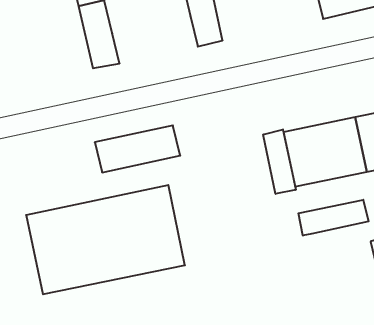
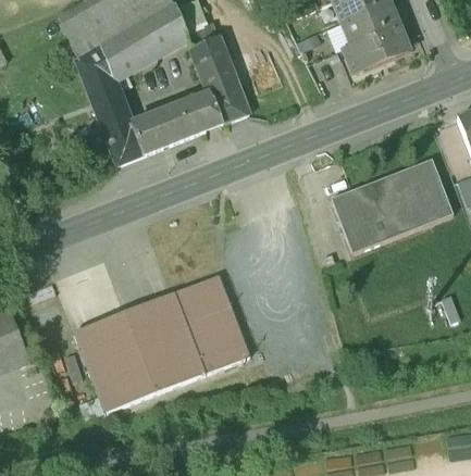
building: [95,125,180,172] -> [133,93,225,155]
building: [263,129,296,194] -> none
building: [298,200,369,236] -> none

